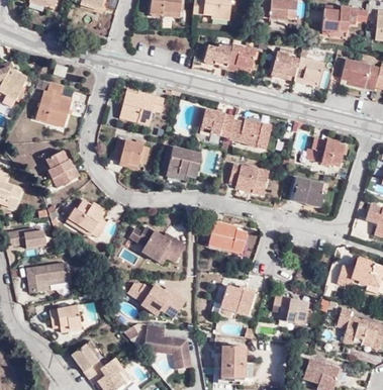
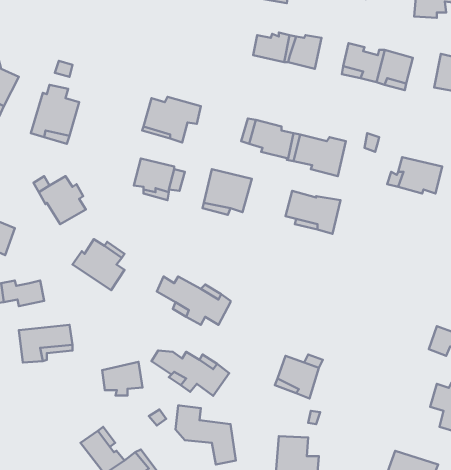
building: [292,177,325,204] -> none
building: [208,222,245,252] -> none
building: [272,295,314,323] -> none
building: [53,306,83,331] -> [102,362,142,396]

